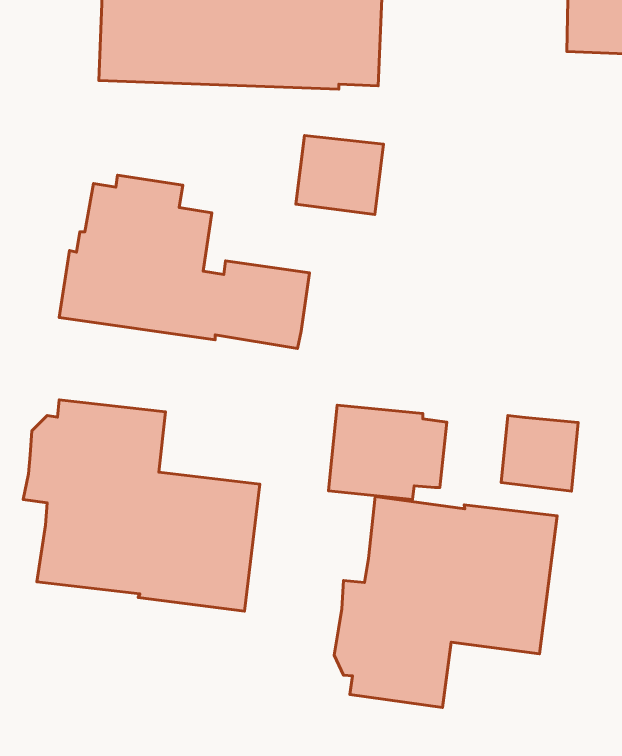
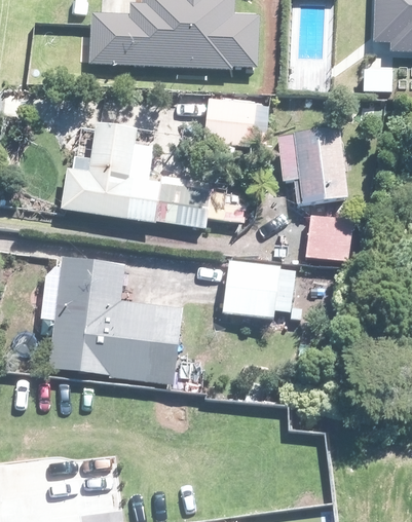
building: none -> [278,127,347,204]
building: [501,416,578,491] -> [307,216,353,261]
building: [334,497,557,707] -> none

